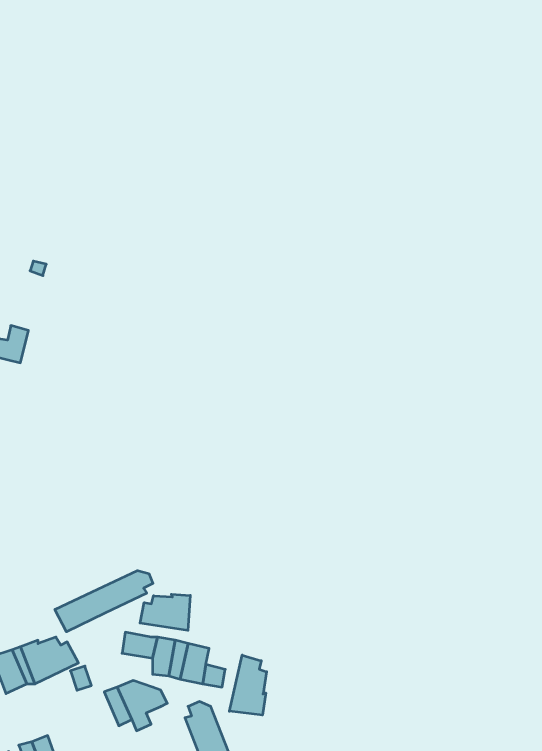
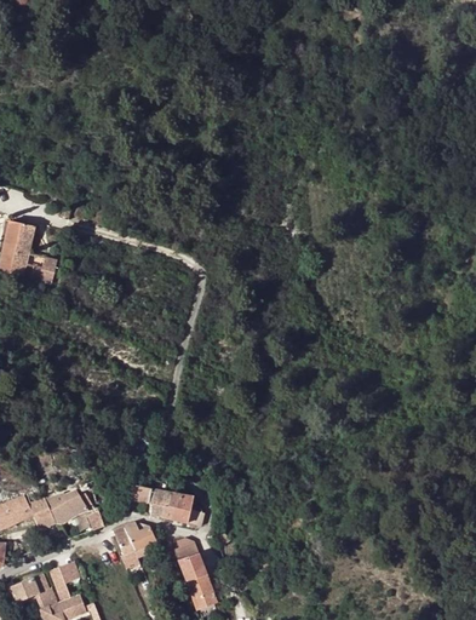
building: [55,571,153,632] -> none
building: [140,594,190,630] -> none
building: [229,655,267,715] -> none

